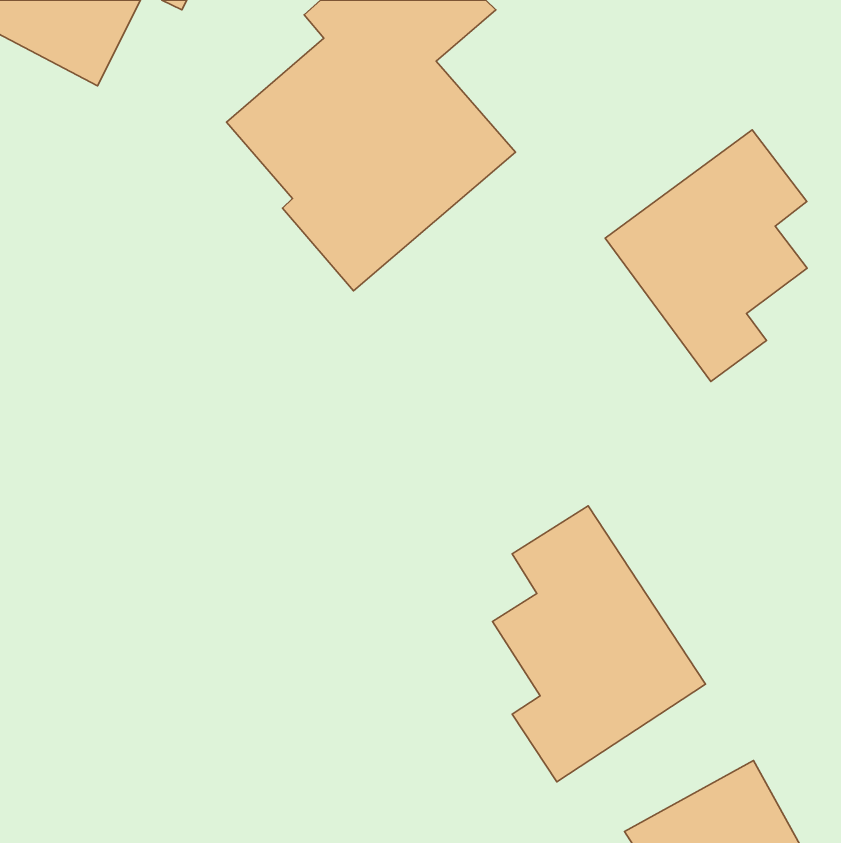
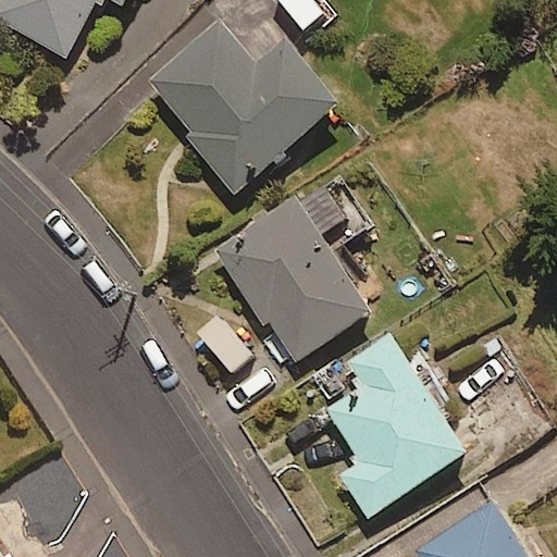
building: [605,130,807,381] -> none
building: none -> [214,169,372,363]

